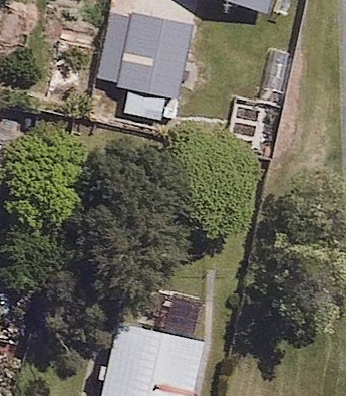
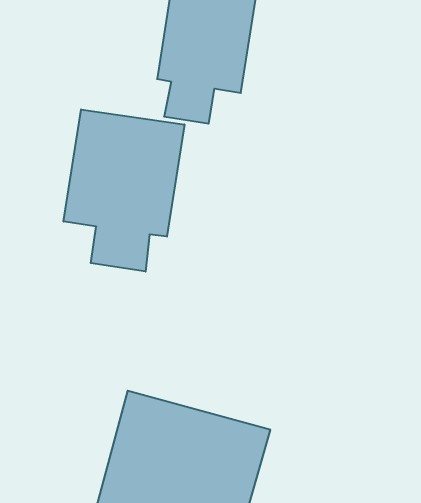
building: none -> [64,109,184,272]

